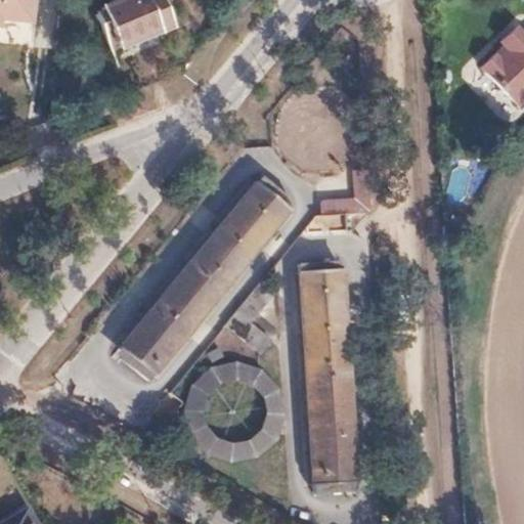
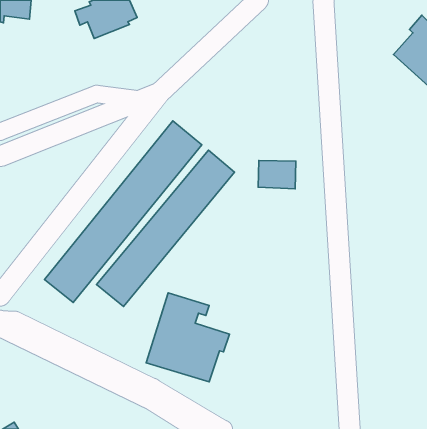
building: none -> [45,121,202,302]
building: [302,271,357,485] -> none
building: [225,281,274,353] -> none

